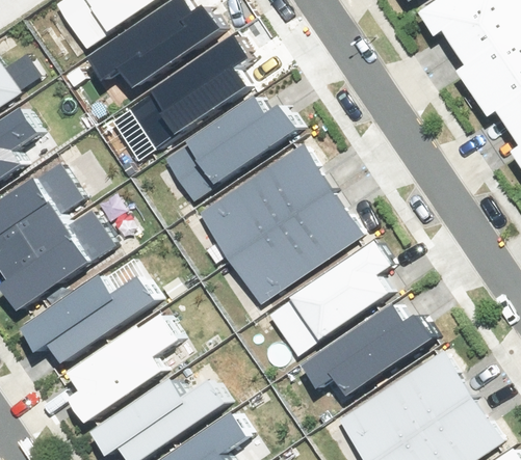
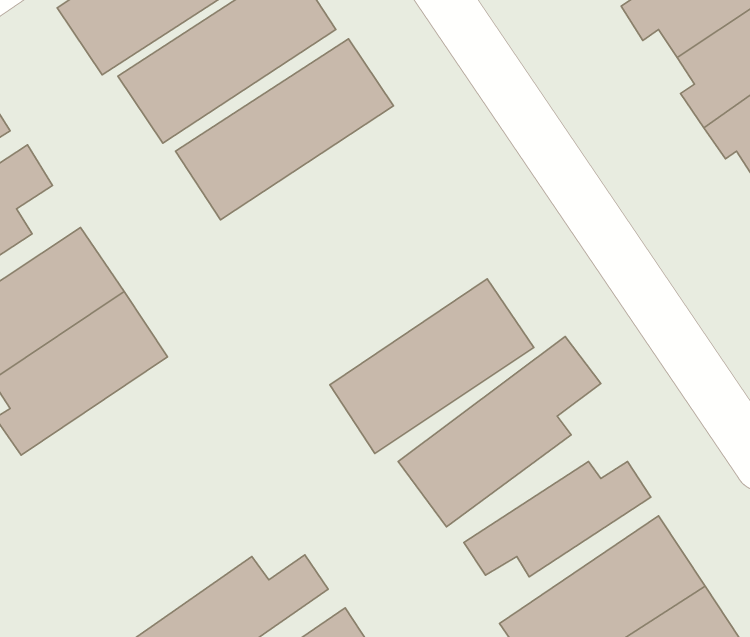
building: [152,84,297,205] -> none
building: [192,146,329,263] -> none
building: [23,271,154,357] -> none
building: [69,309,176,420] -> none

